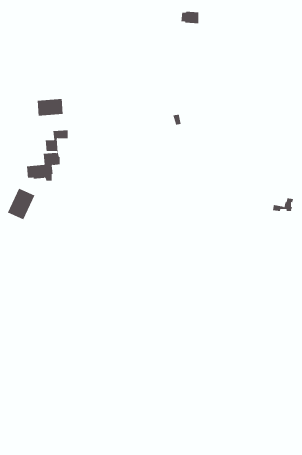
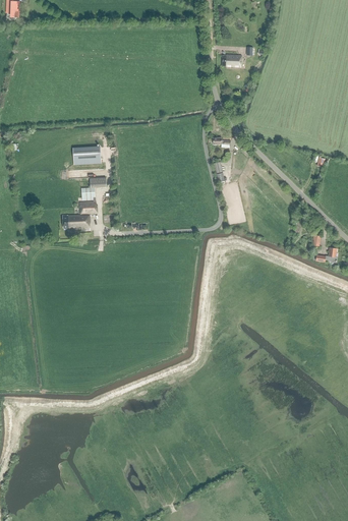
building: [7,188,35,220] -> none

